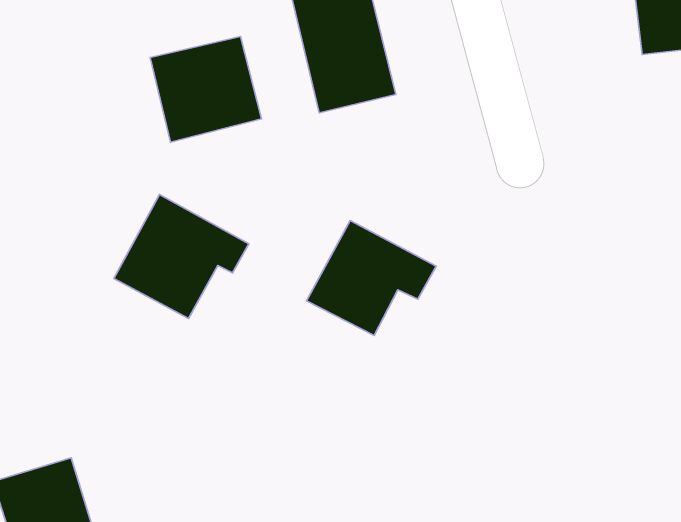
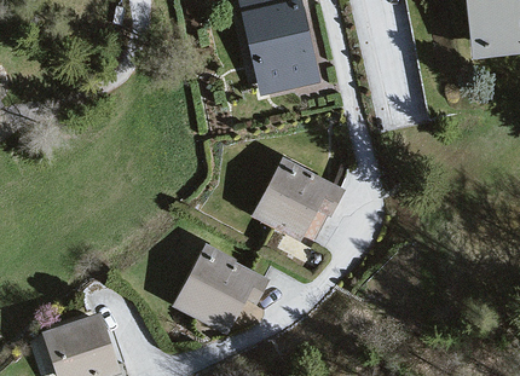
building: [150,37,261,142] -> none
building: [114,194,249,319] -> [175,248,265,330]

